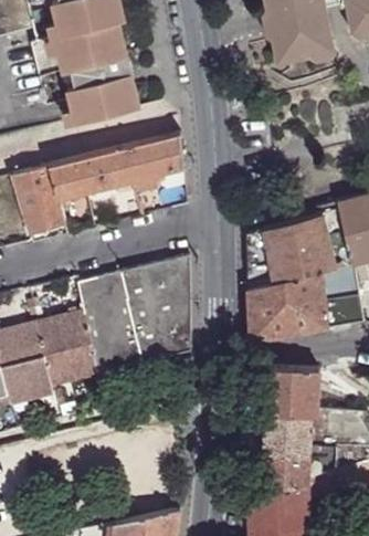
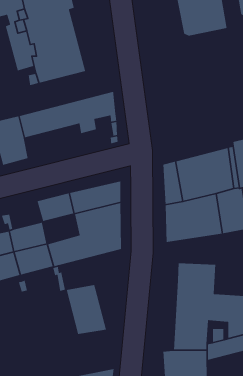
building: [83,301,133,341] -> none
building: none -> [66,284,107,335]

